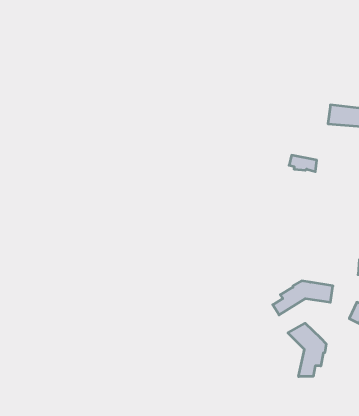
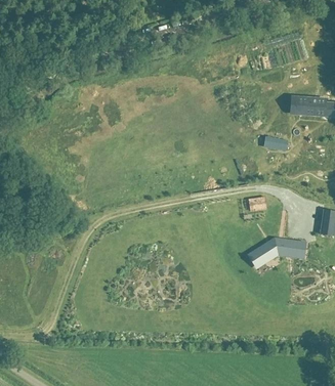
building: [288,323,326,377] -> none

